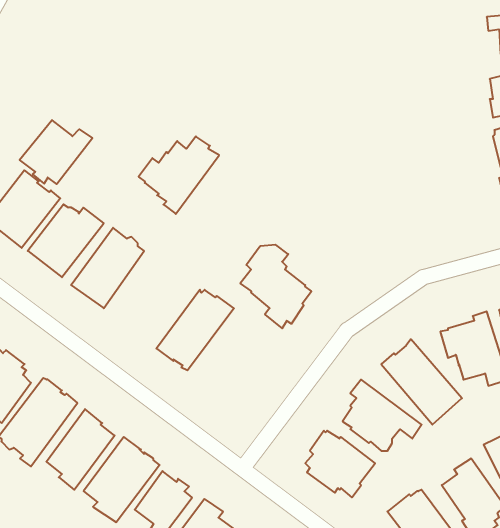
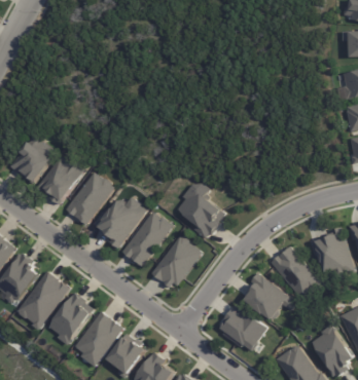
building: [20,120,92,184] -> none
building: [139,136,219,214] -> [94,197,147,249]
building: none -> [152,235,203,288]

